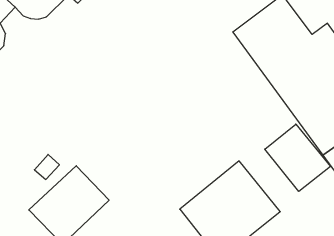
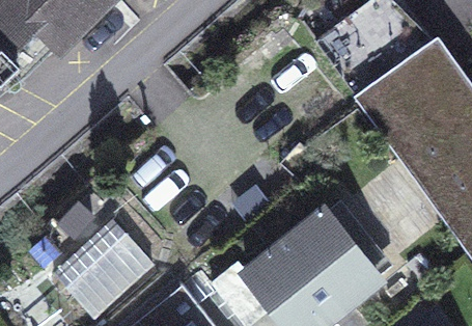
building: [265,124,331,191] -> none

